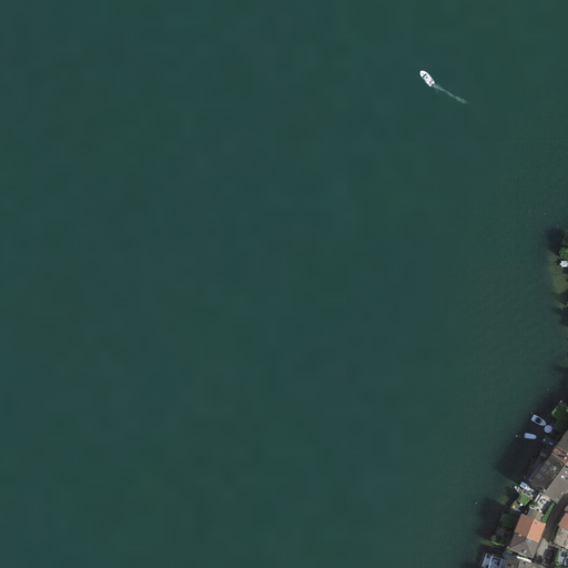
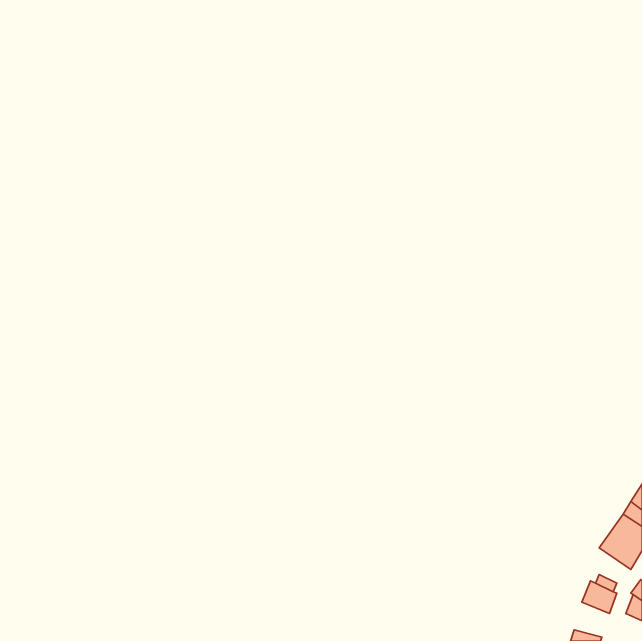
building: [508,531,538,558] -> none

